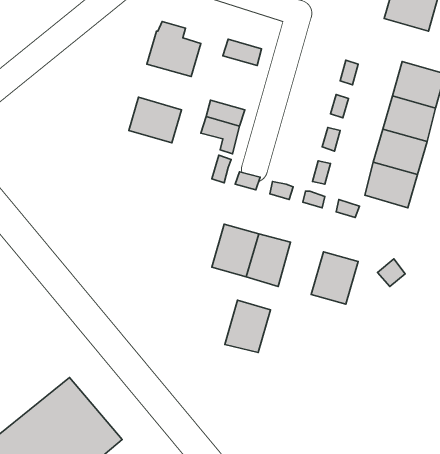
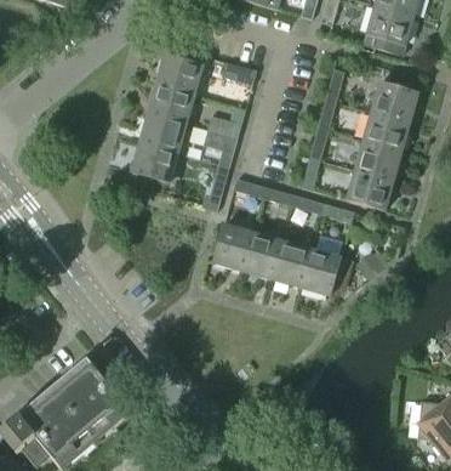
building: none -> [148,84,194,124]
building: none -> [129,142,177,189]
building: [225,300,271,353] -> [270,240,310,286]

